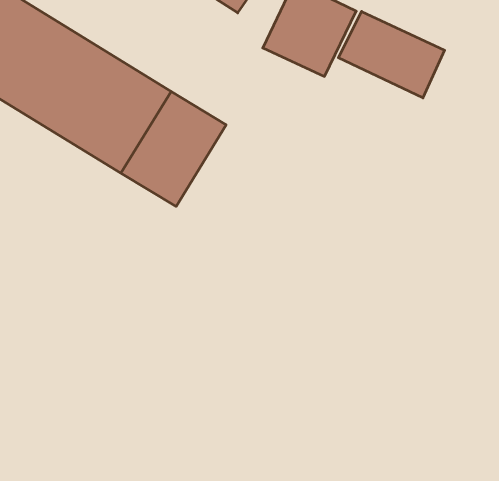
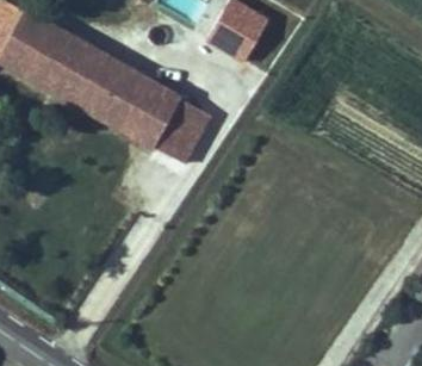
building: [338,11,445,98] -> none
building: none -> [153,98,212,170]

